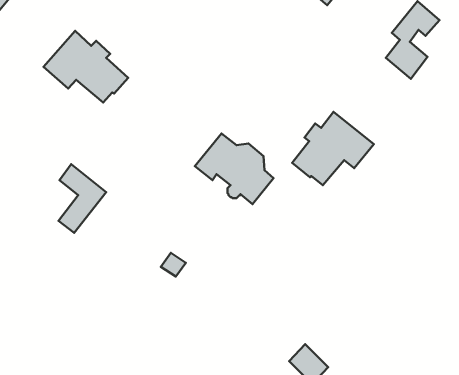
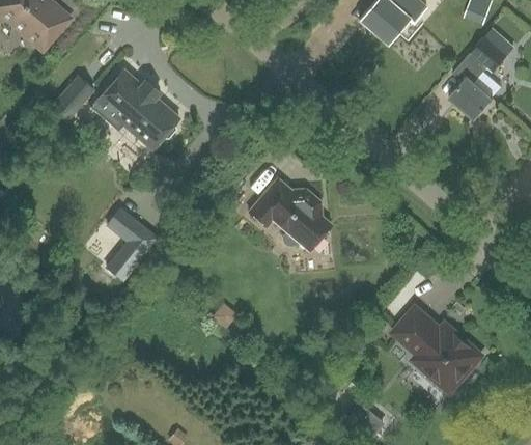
building: none -> [51,77,95,123]
building: [292,112,374,185] -> none
building: none -> [394,309,482,393]

